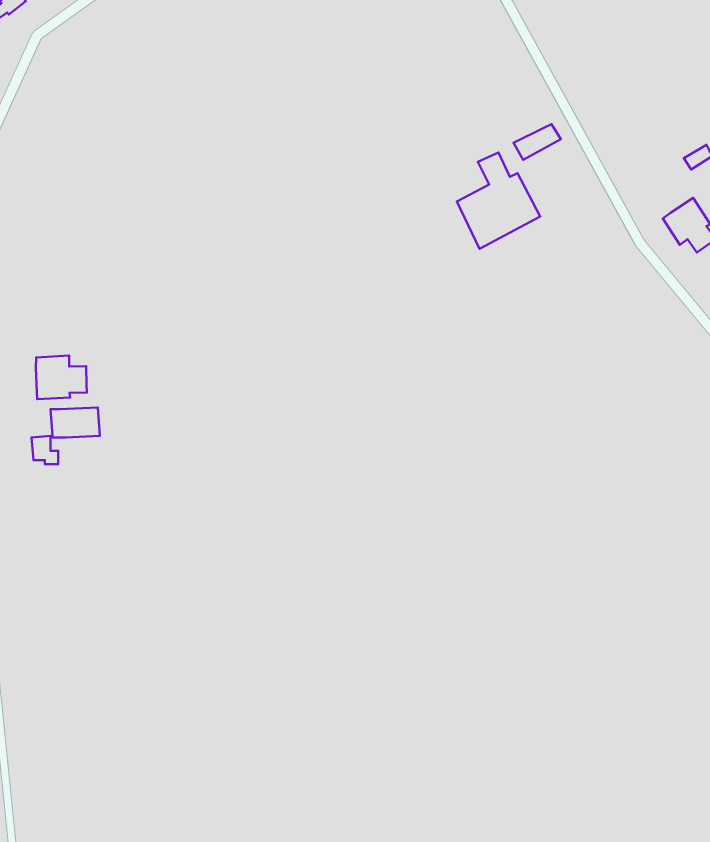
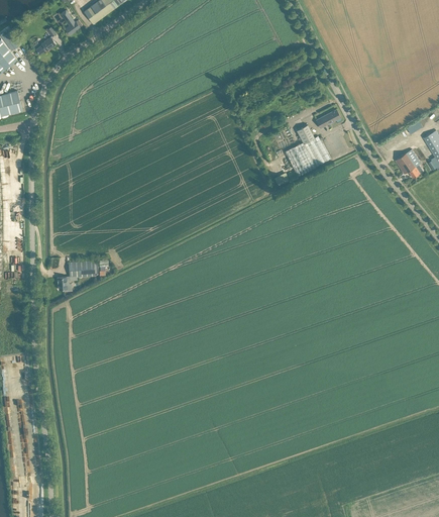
building: [36,356,87,399] -> none

